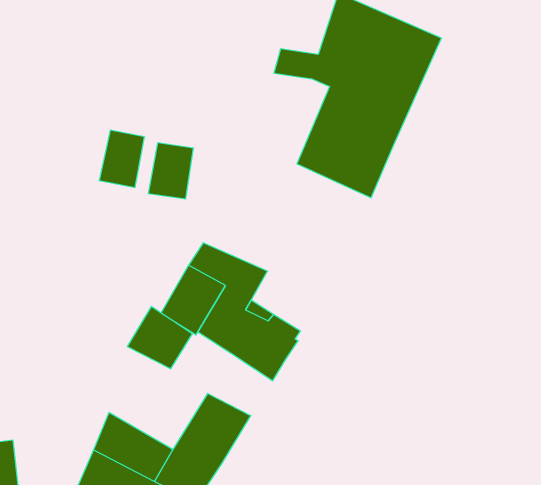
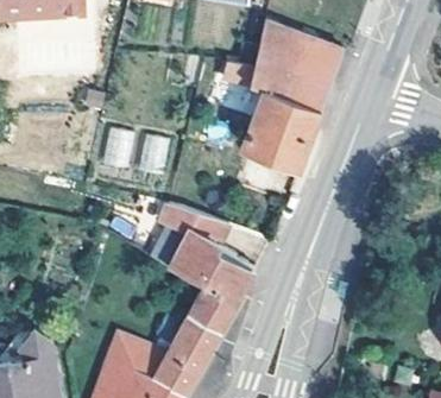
building: [127,307,193,369] -> [189,283,235,327]

